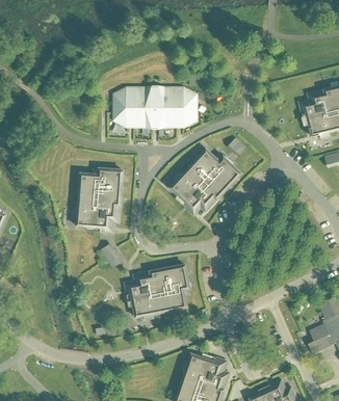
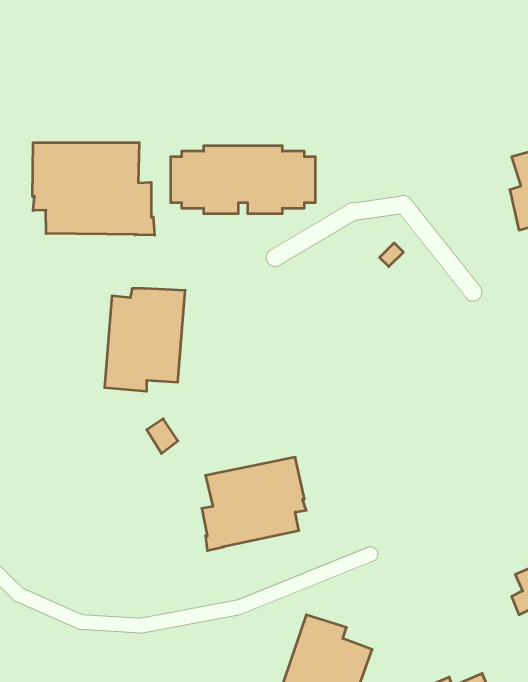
building: none -> [33,143,155,235]
building: [172,149,241,210] -> none

